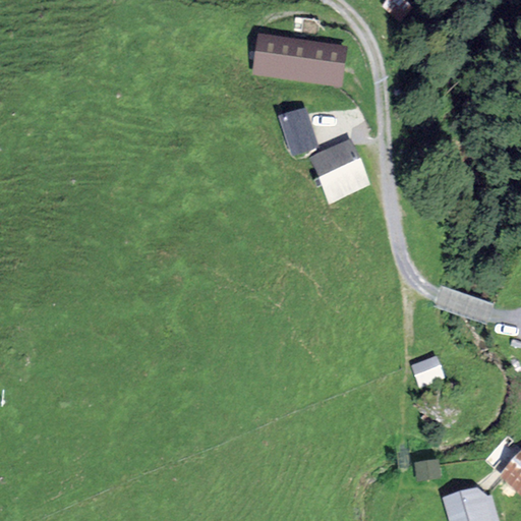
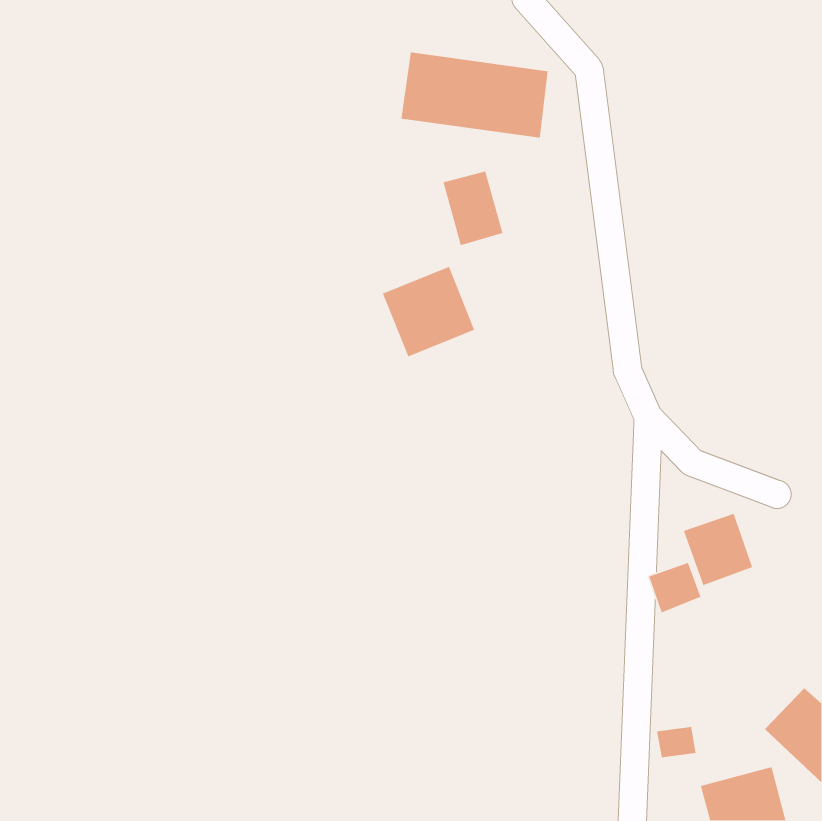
building: [311,143,370,201] -> [382,266,475,357]
building: none -> [683,513,753,586]

